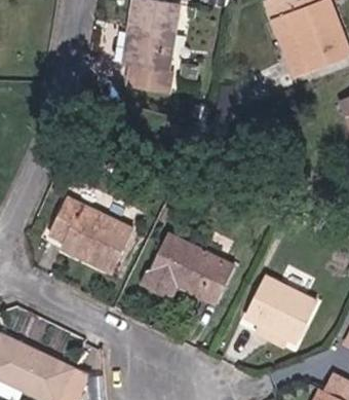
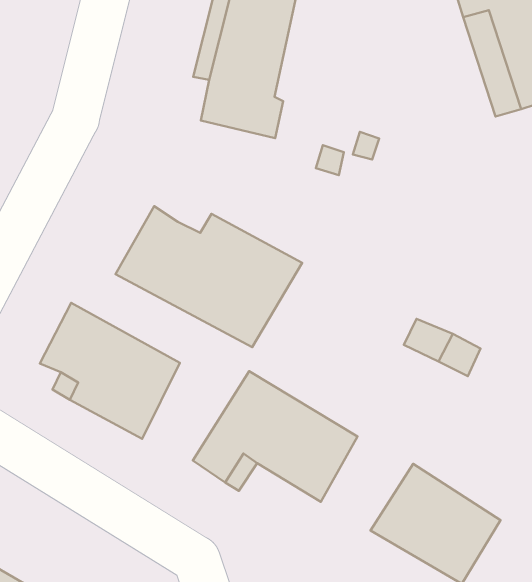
building: none -> [115,206,302,347]

